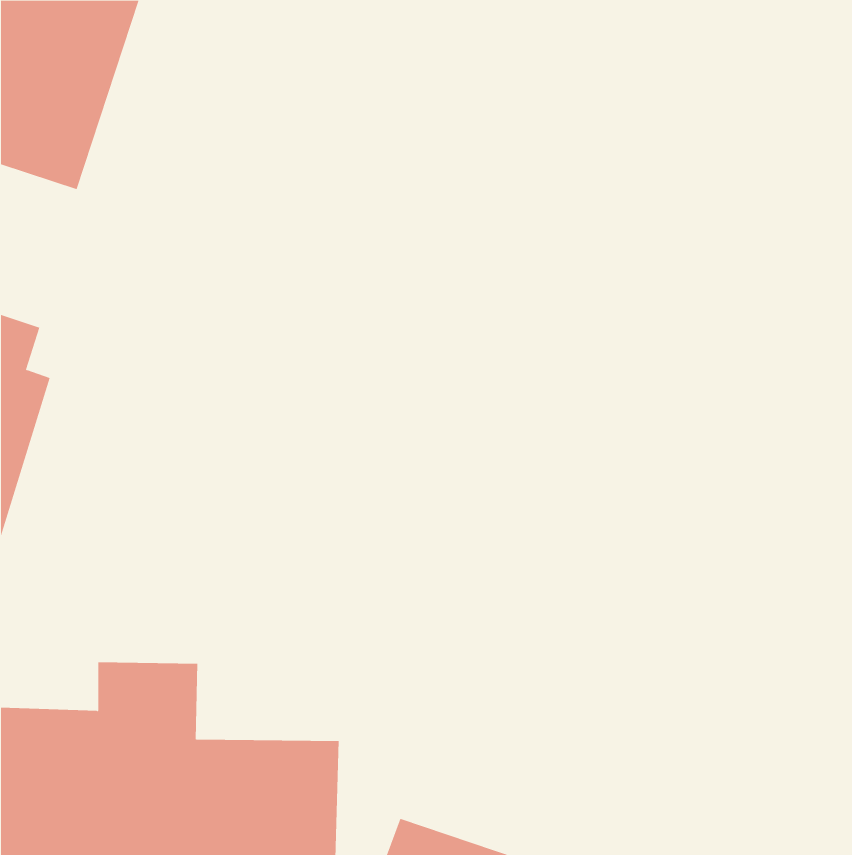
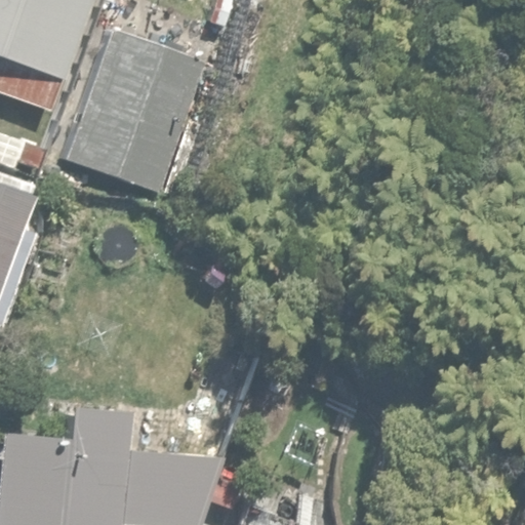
building: none -> [59,29,202,196]

